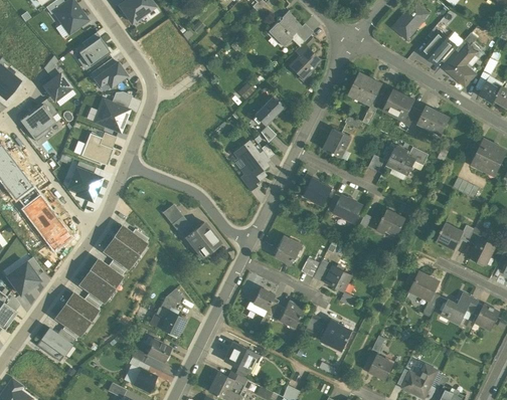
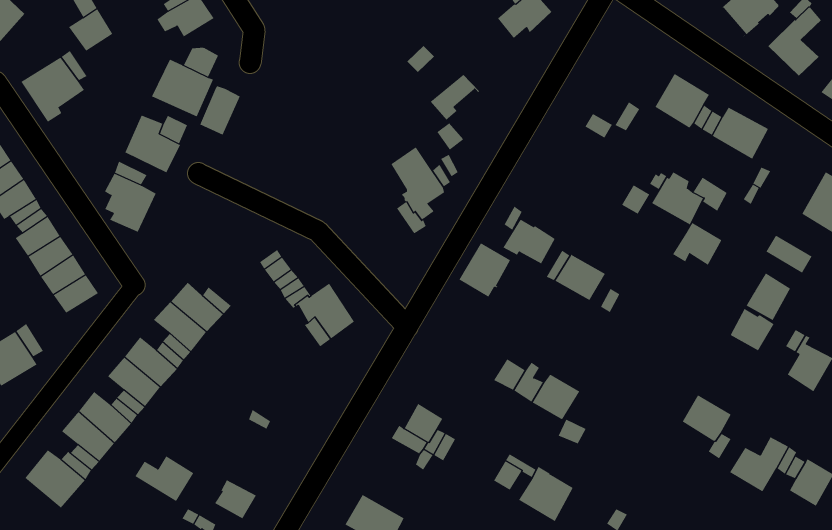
building: [348,71,382,106] -> none
building: none -> [200,86,241,135]
building: [323,128,351,157] -> none
building: none -> [746,273,791,321]
building: [377,210,405,234] -> [672,222,722,266]
building: [273,234,302,265] -> [459,242,511,297]
building: [279,303,304,328] -> none
building: [151,311,185,337] -> [134,455,194,502]

